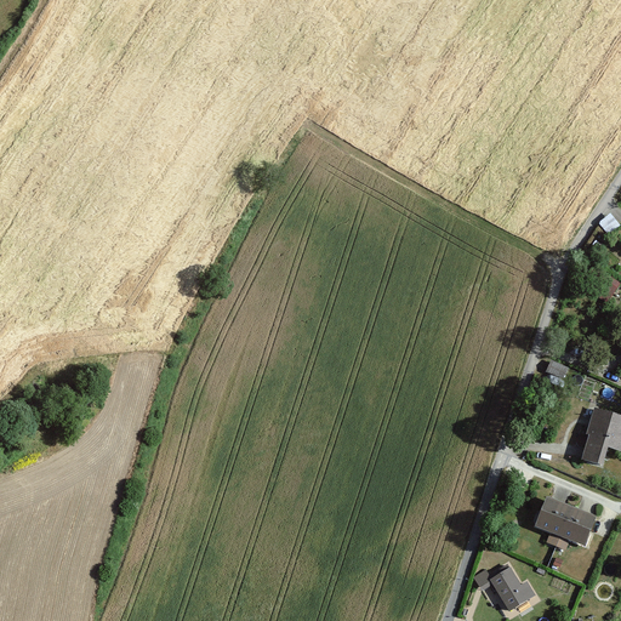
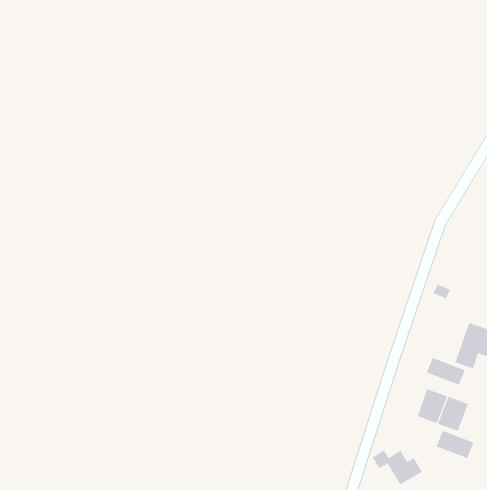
building: none -> [426,357,466,386]
building: none -> [436,430,474,459]

